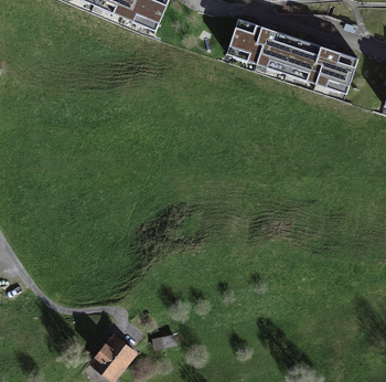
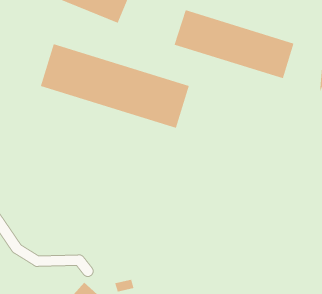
building: none -> [40,43,190,129]

